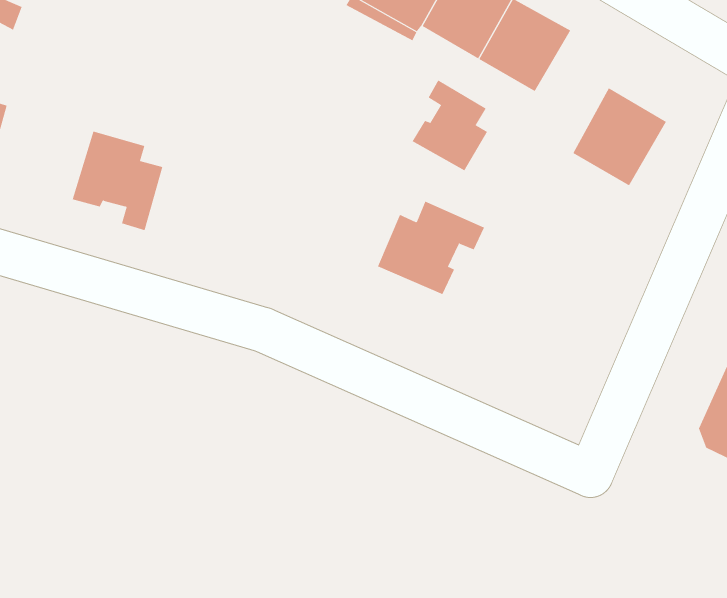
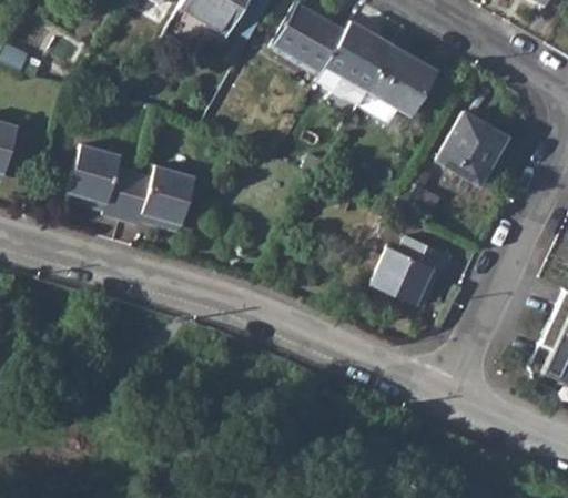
building: [412,79,488,171] -> none
building: none -> [121,166,194,228]
building: [377,201,485,295] -> [373,236,453,306]

